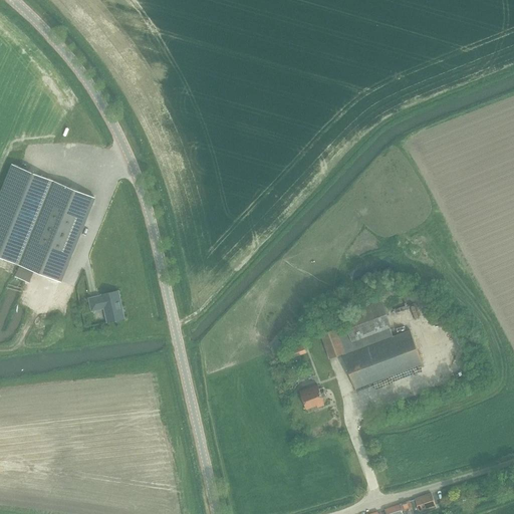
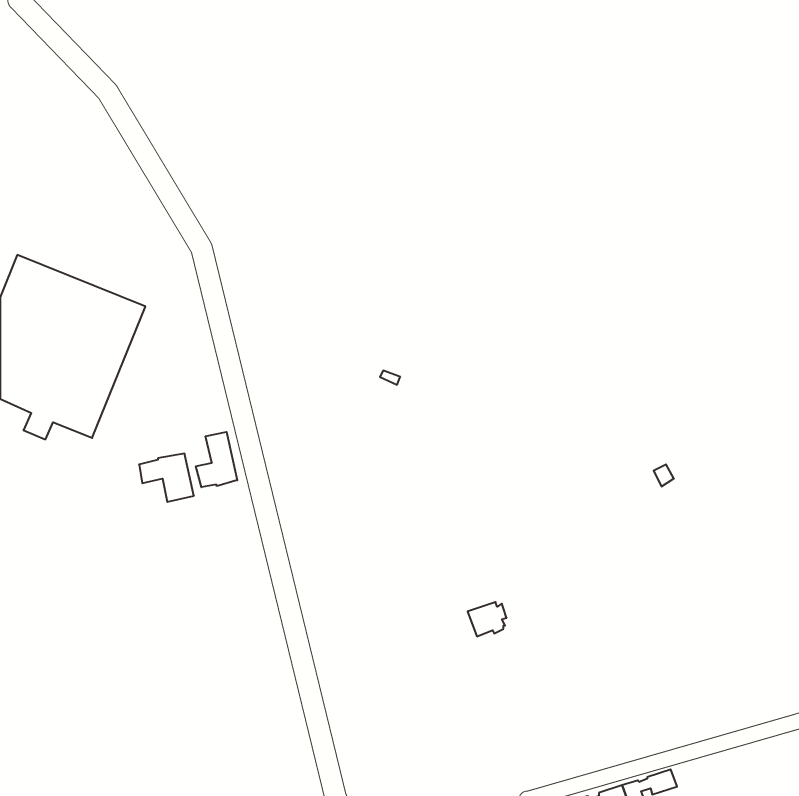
building: none -> [196,432,237,487]
building: [319,303,423,391] -> none

